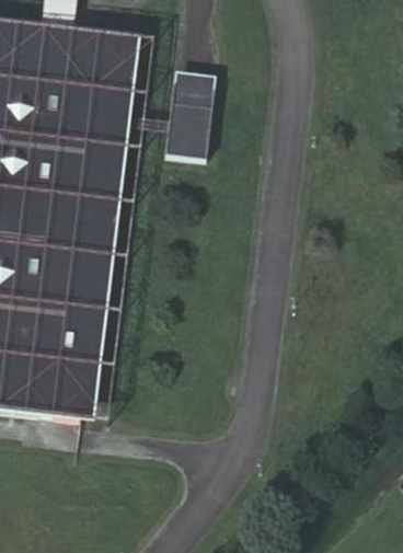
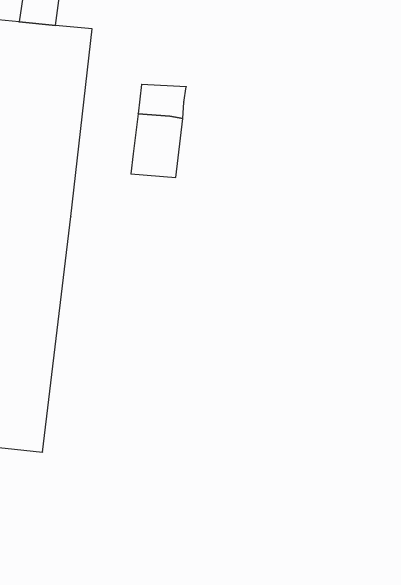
building: [62,31,145,425] -> none

